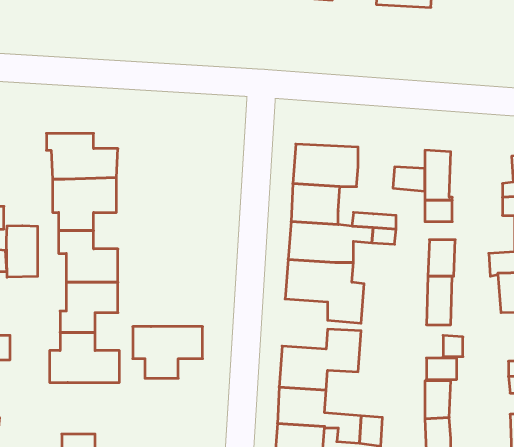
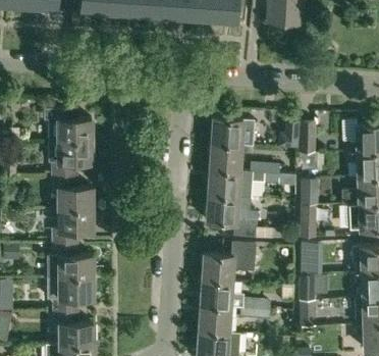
building: [6,226,38,277] -> none
building: [133,327,203,378] -> [47,277,94,312]

